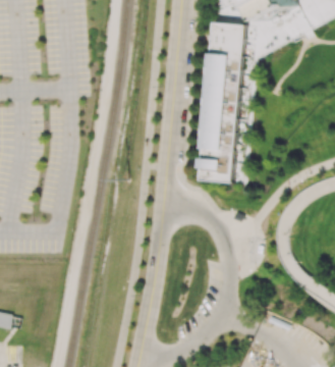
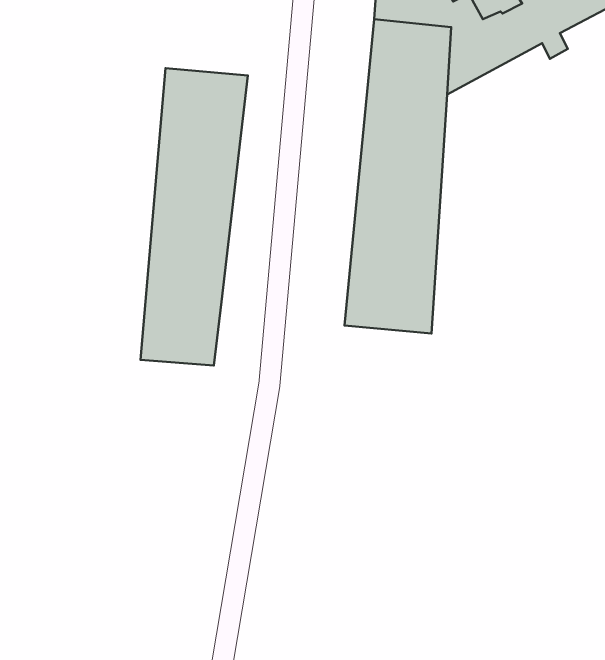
building: none -> [141,68,248,366]

